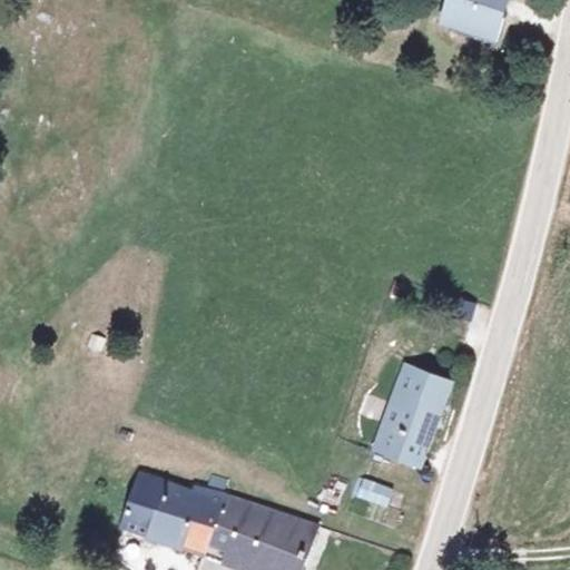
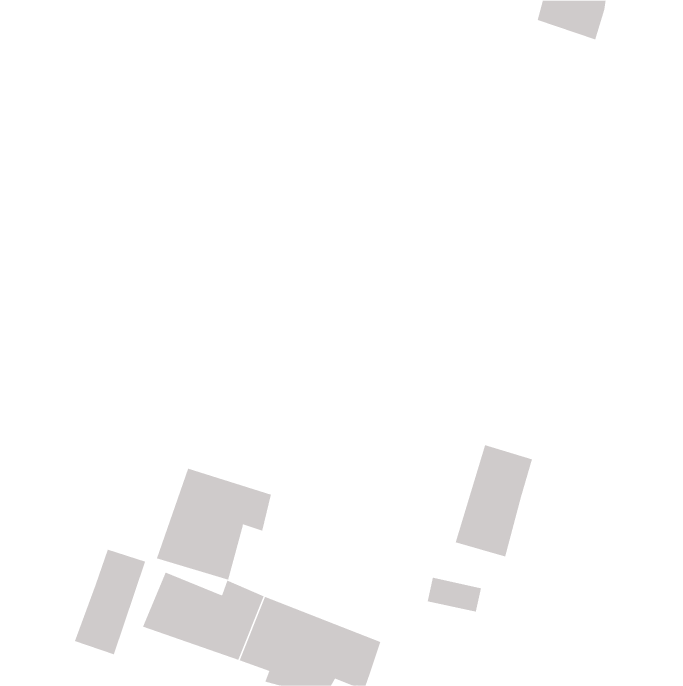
building: none -> [156,468,271,580]
building: none -> [74,549,146,655]

